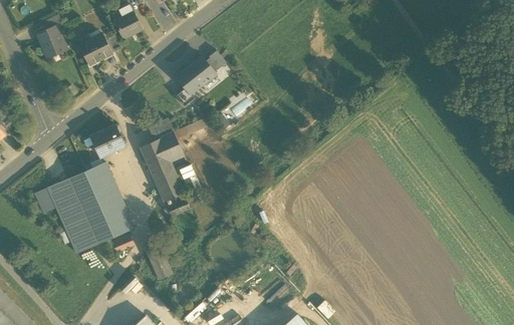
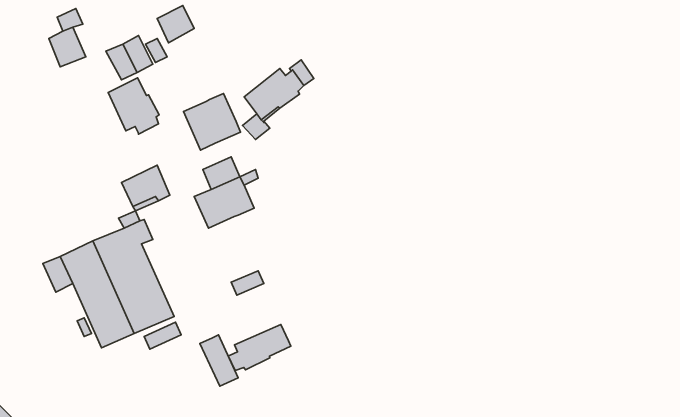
building: none -> [108,78,159,134]
building: none -> [184,94,240,150]
building: [152,160,184,201] -> none
building: none -> [228,324,291,370]

